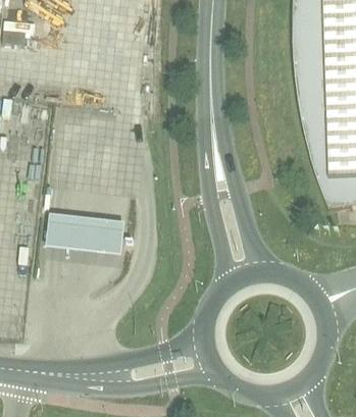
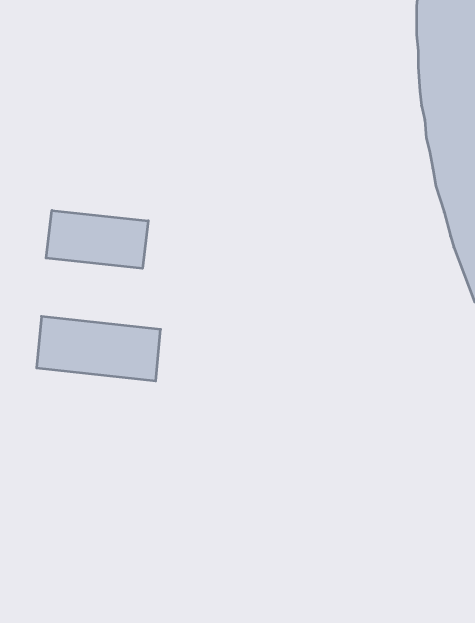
building: none -> [46,210,148,268]

